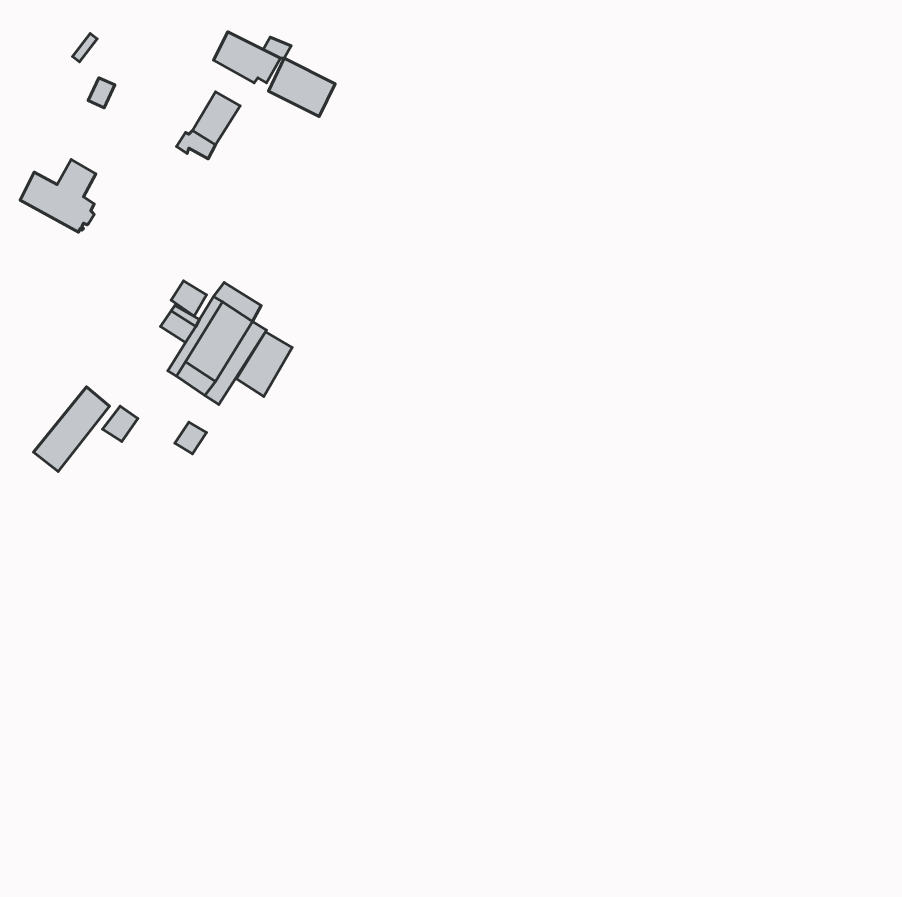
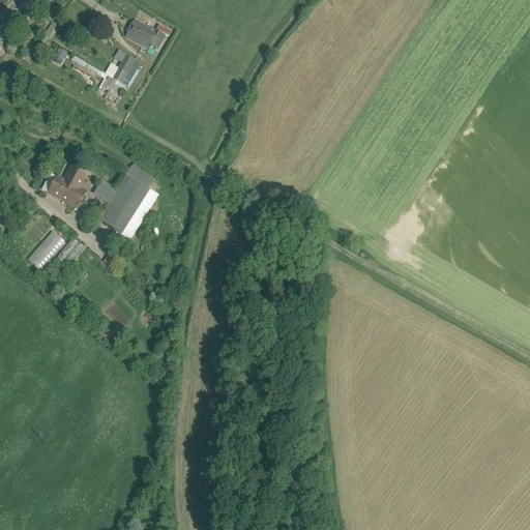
building: [268,58,335,117] -> none
building: [20,160,96,232] -> [42,165,87,207]
building: [236,332,292,396] -> none

